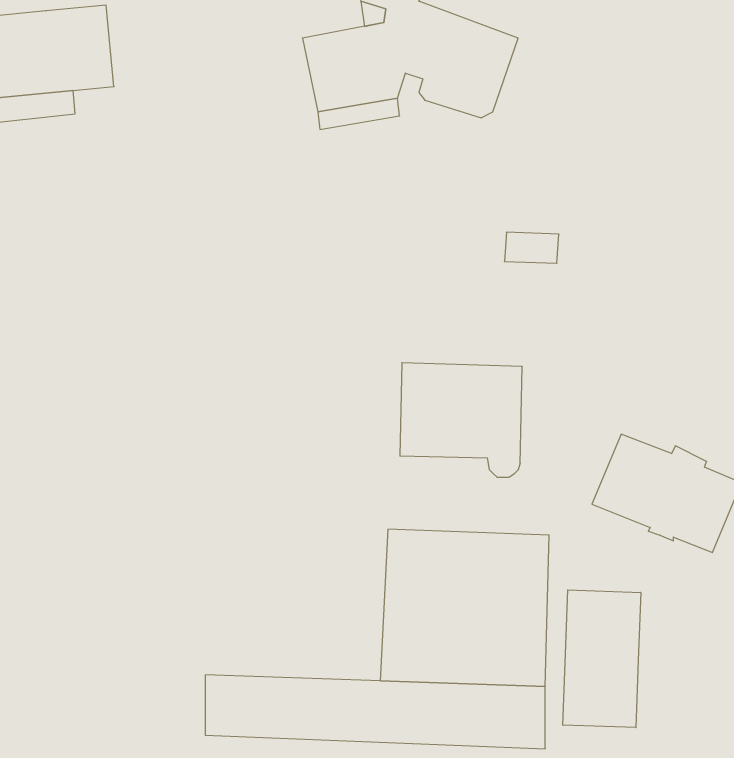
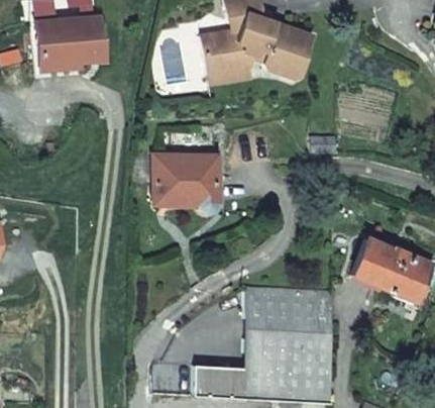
building: [400,363,522,477] -> [154,154,218,213]
building: [563,590,641,728] -> none

